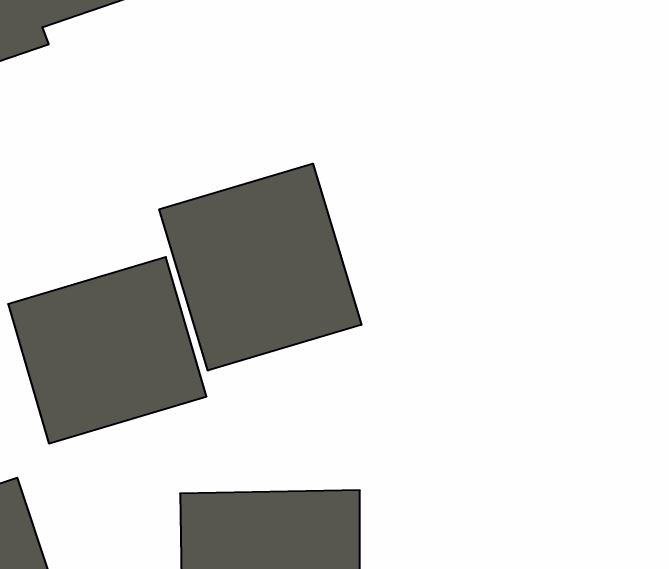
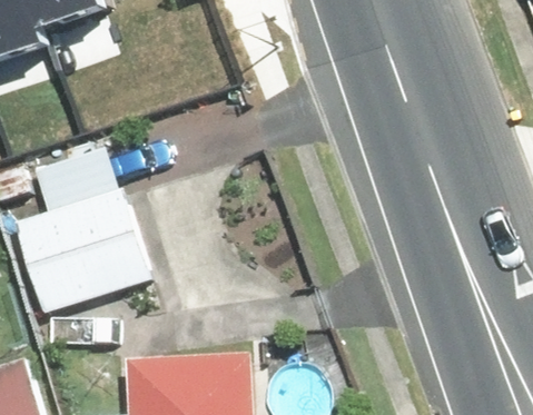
building: [159,164,361,371] -> none

